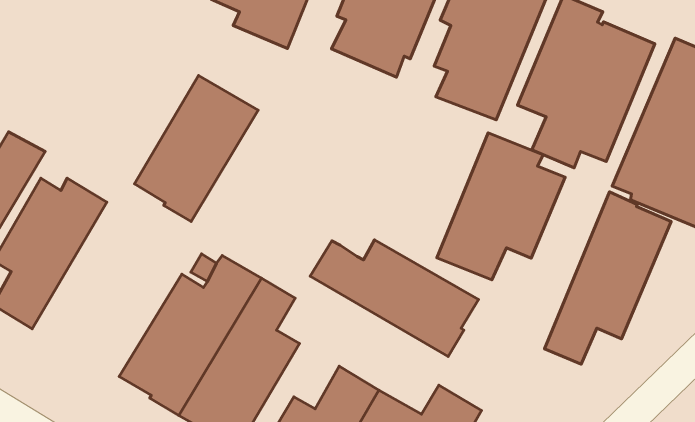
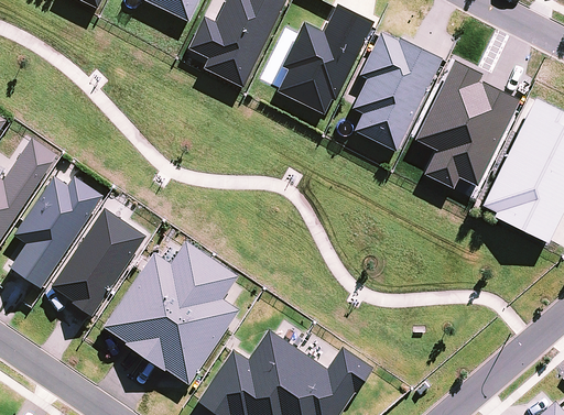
building: [135,75,258,222] -> [51,208,147,317]
building: [437,133,565,280] -> none
building: [545,192,671,364] -> none
building: [310,240,479,357] -> none

